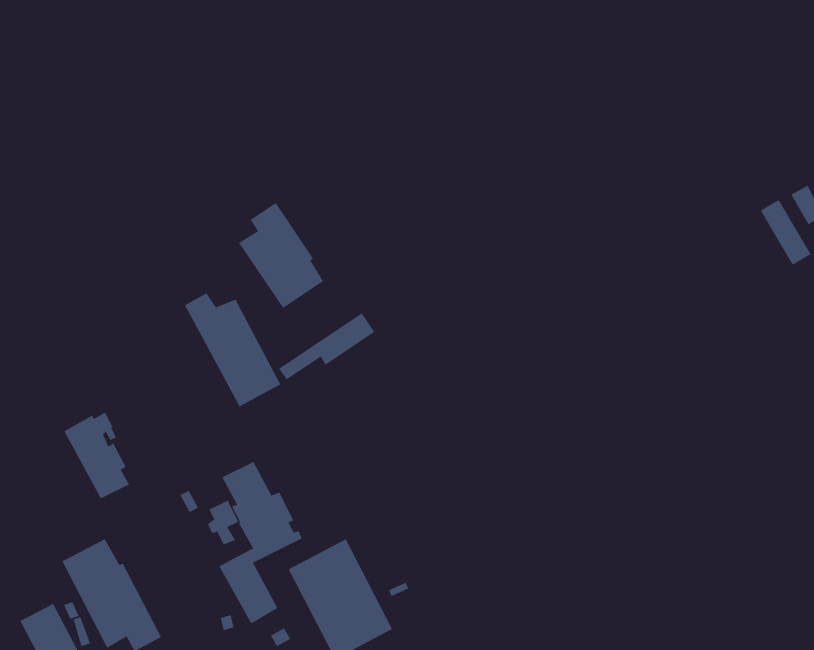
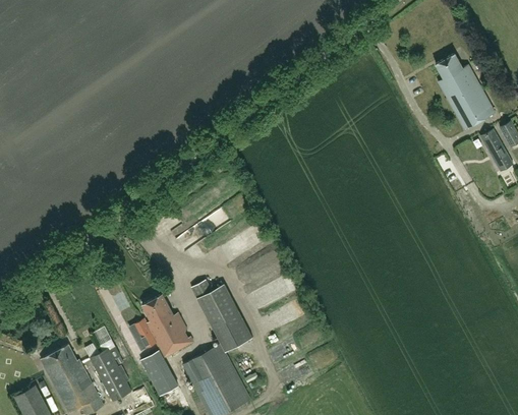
building: none -> [436,55,495,130]
building: [238,202,324,309] -> none
building: [184,292,281,407] -> [191,280,252,352]
building: [63,412,130,499] -> [90,346,131,401]

